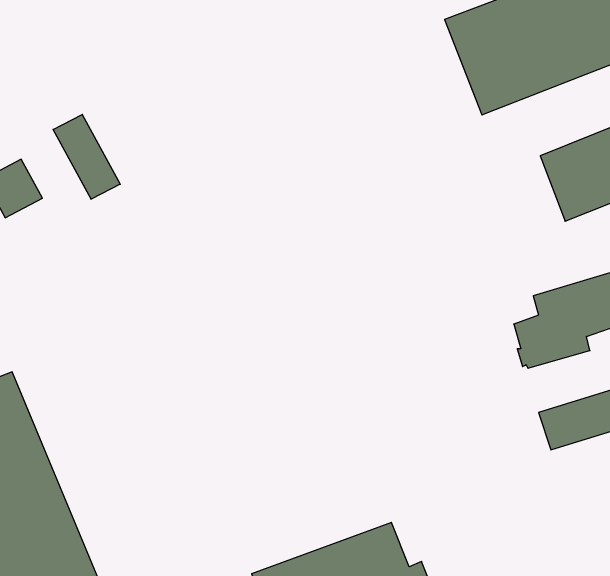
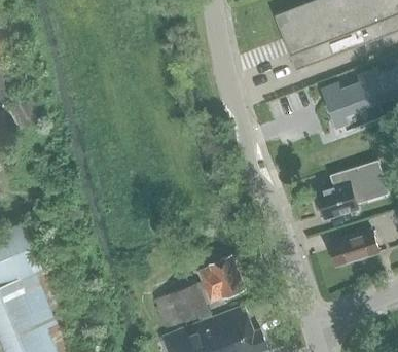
building: [53,114,120,199] -> none
building: none -> [153,256,243,328]

